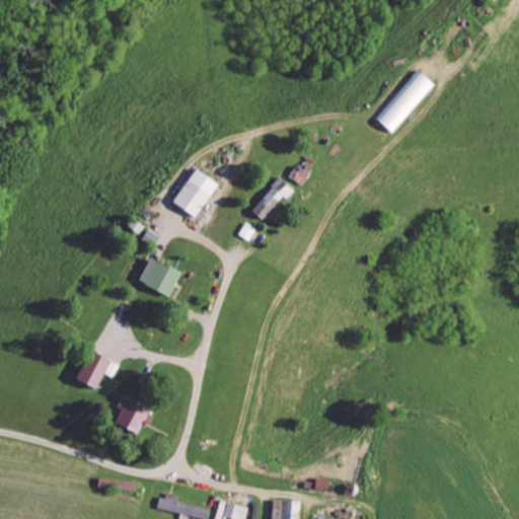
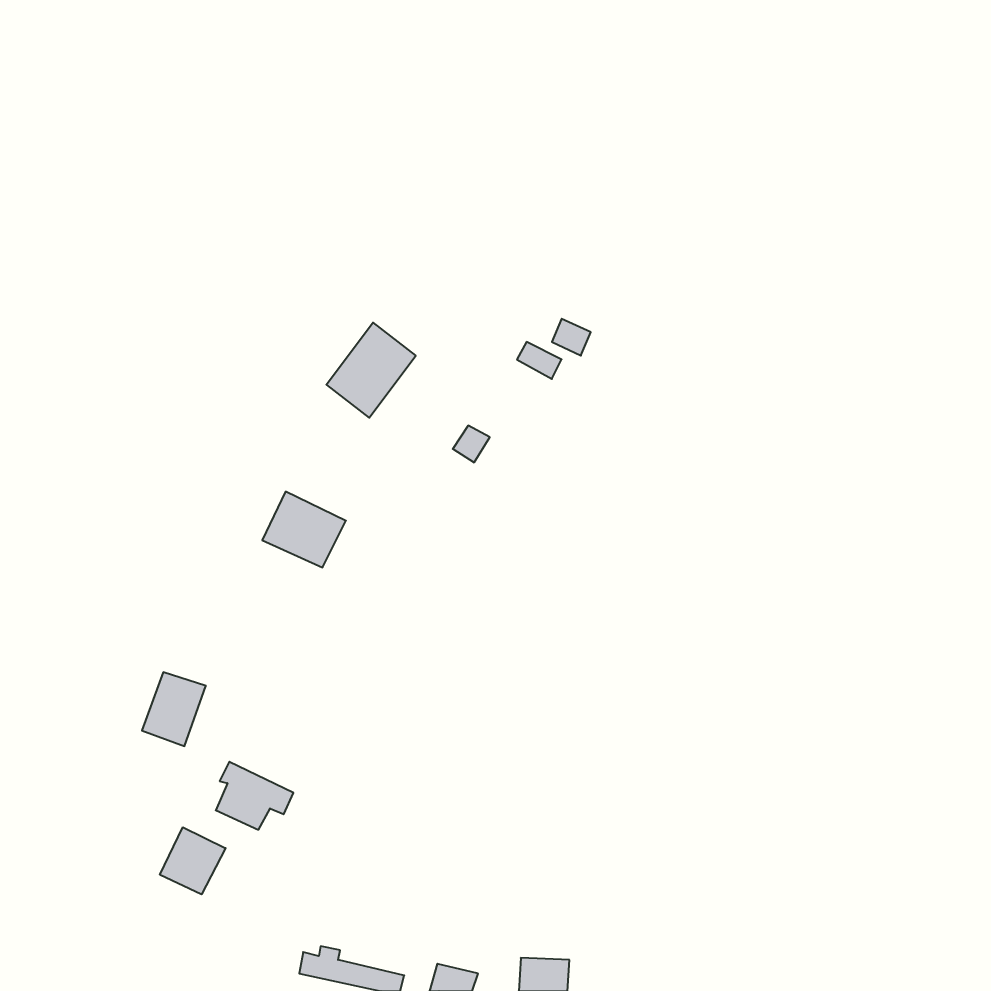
building: [374,71,434,134] -> none
building: [251,187,282,222] -> none
building: none -> [160,827,226,894]

